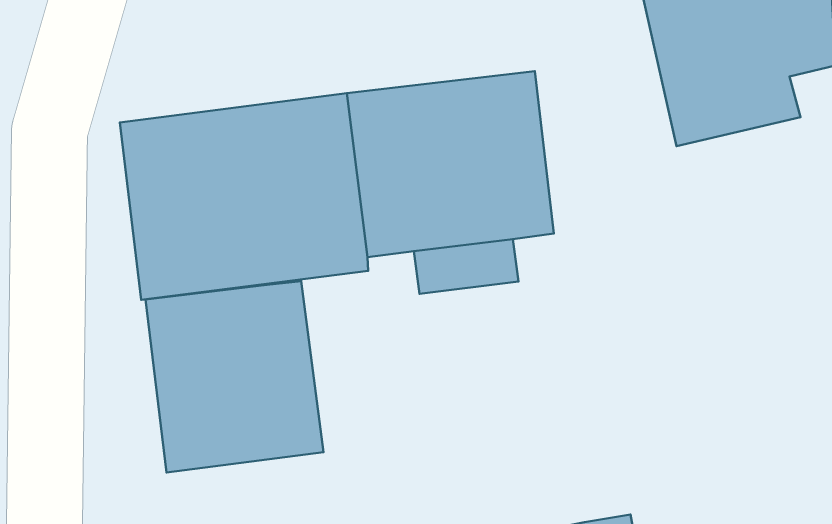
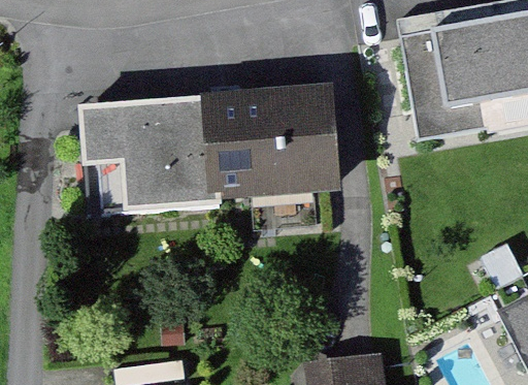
building: [146,281,323,472] -> none

